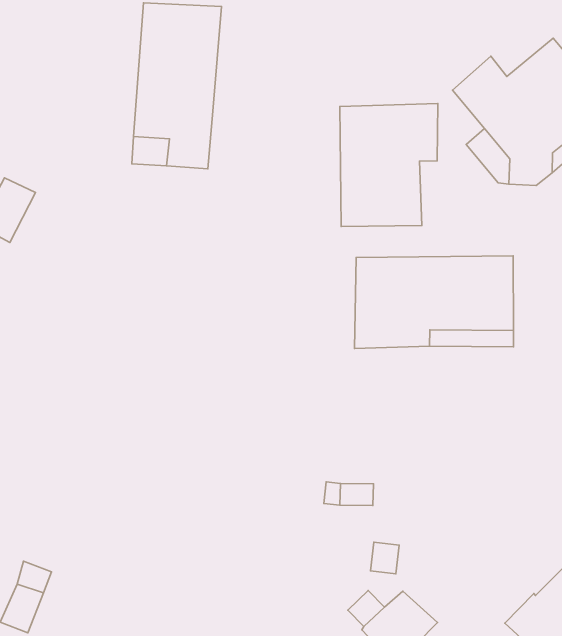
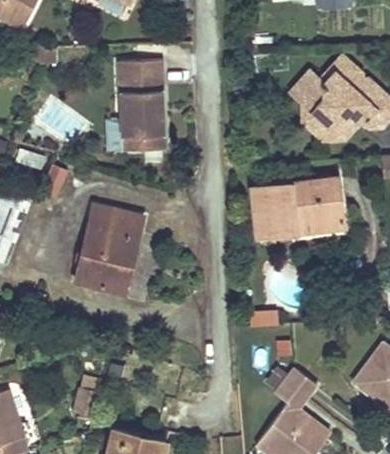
building: [340,104,438,227] -> none
building: none -> [75,205,144,292]

